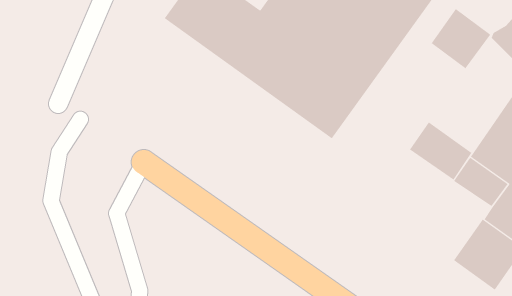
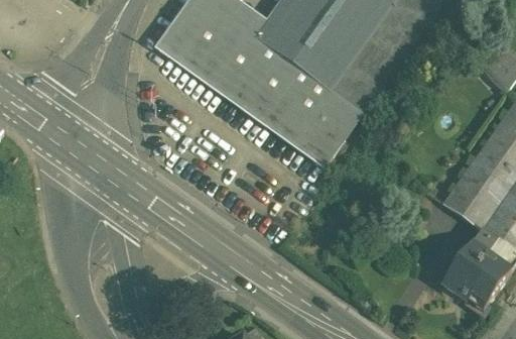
building: [431,8,491,69] -> none
building: [409,122,472,180] -> none

